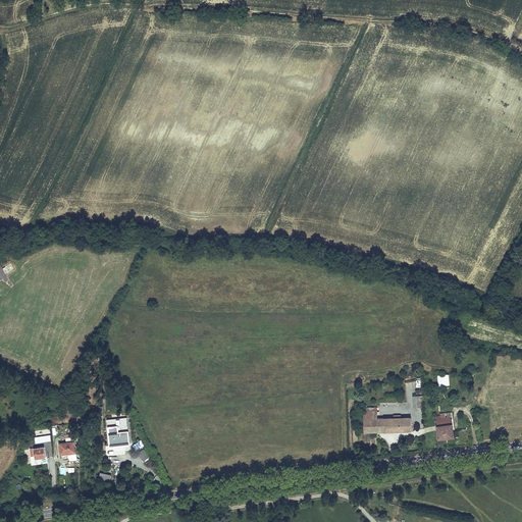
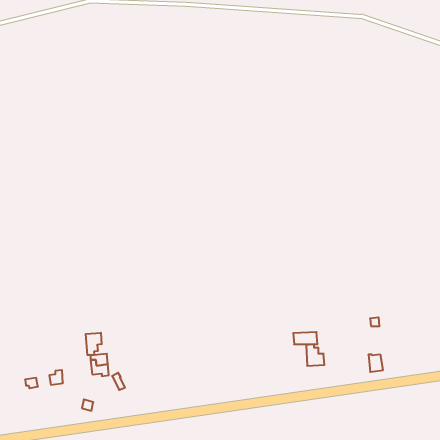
building: none -> [86,333,102,355]
building: [382,418,411,432] -> [293,332,317,344]

